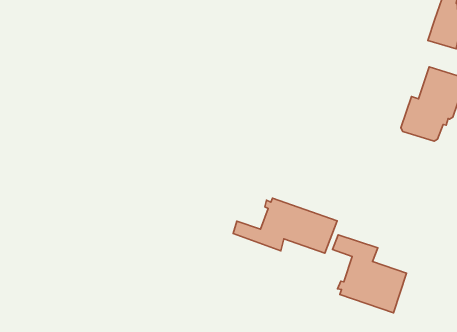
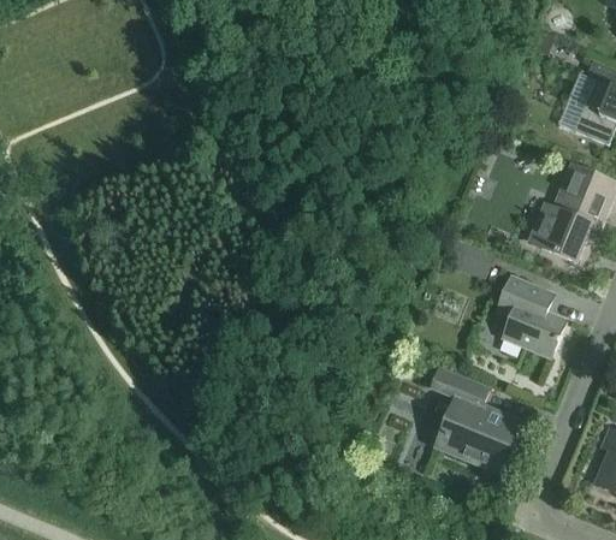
building: none -> [496,274,565,357]
building: [233,198,337,253] -> none

